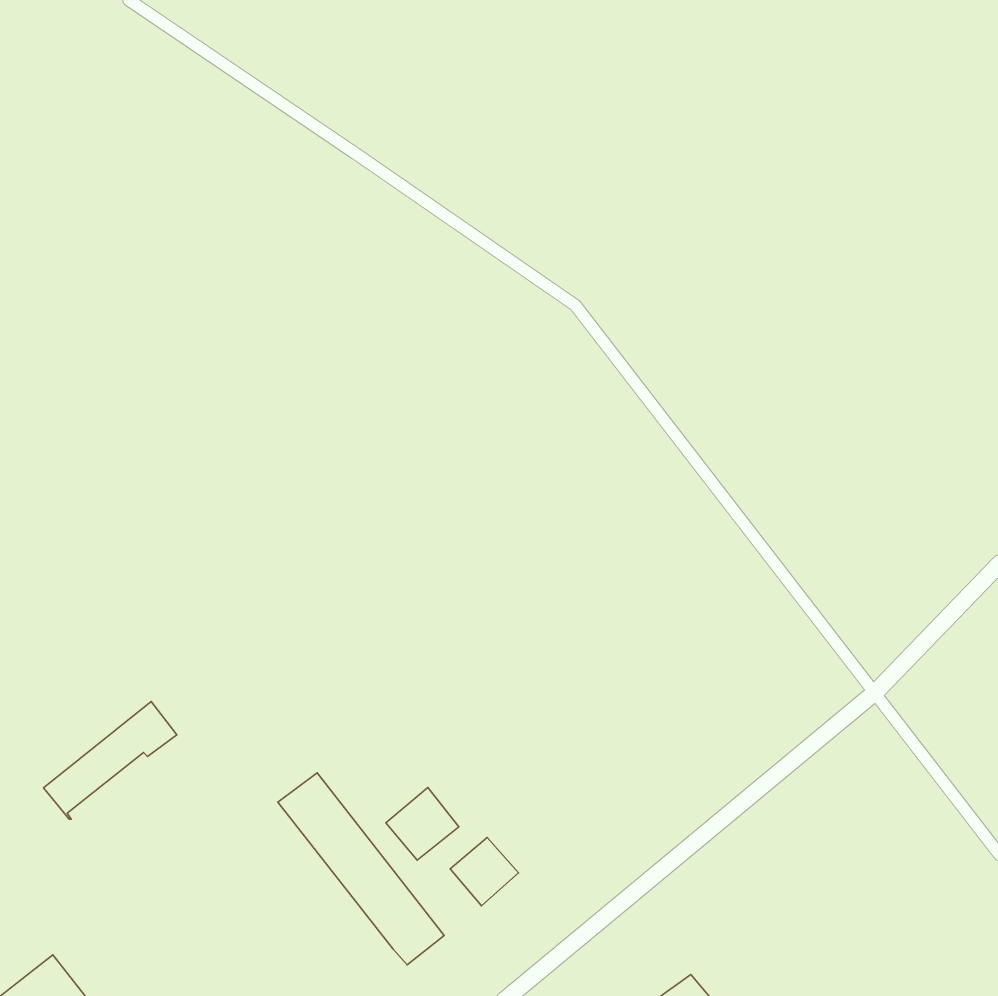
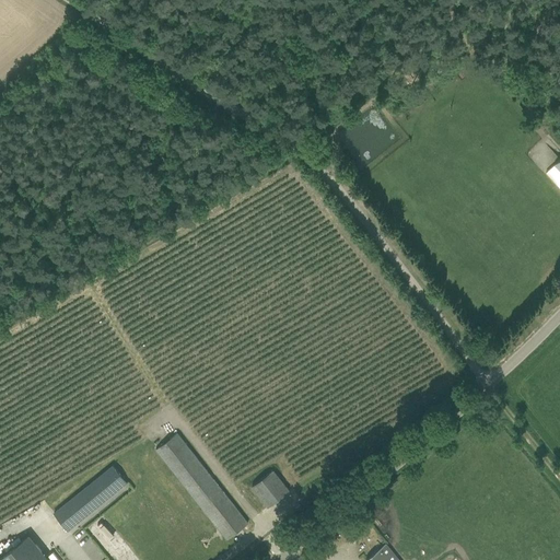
building: [44,702,177,819] -> [54,467,128,533]
building: [386,788,459,860] -> none

